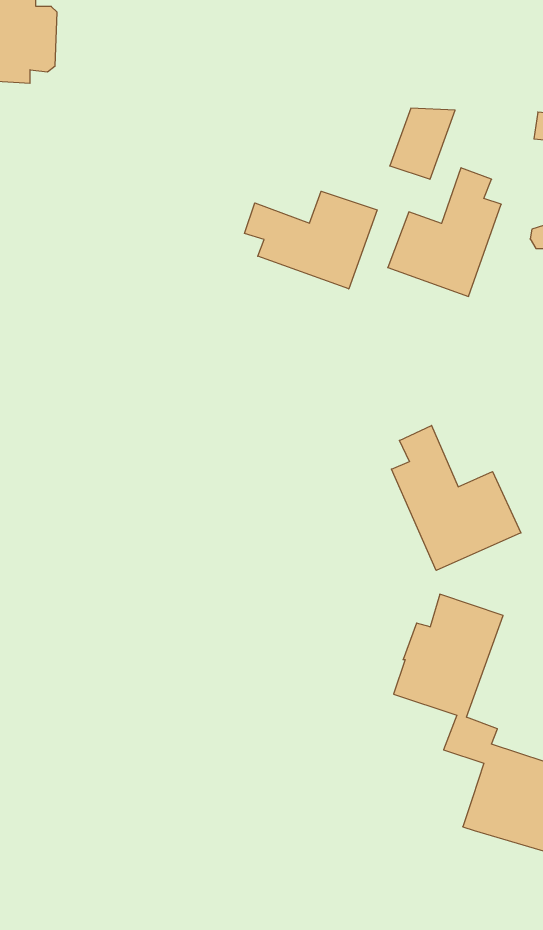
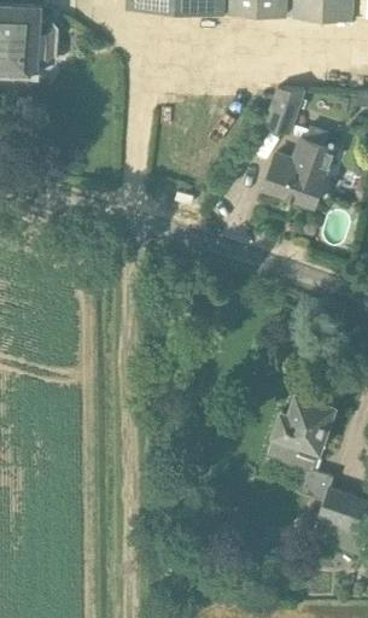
building: [245,191,377,289] -> none
building: [391,425,521,570] -> none

